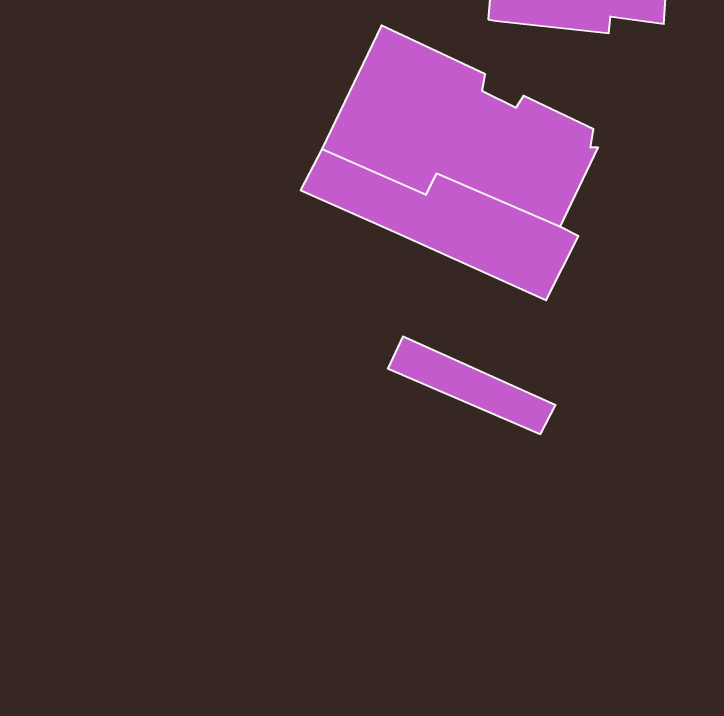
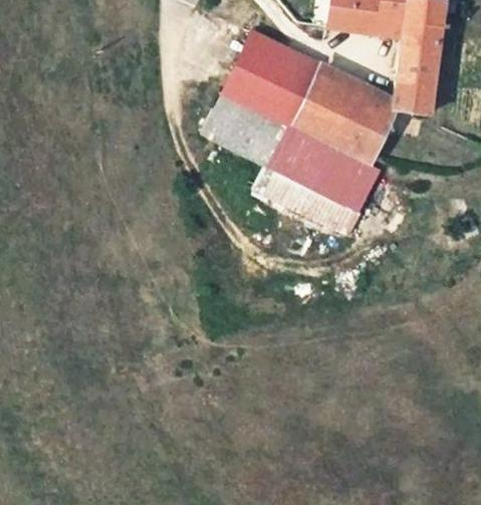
building: none -> [393,24,441,113]
building: [388,336,556,434] -> [253,166,364,230]

